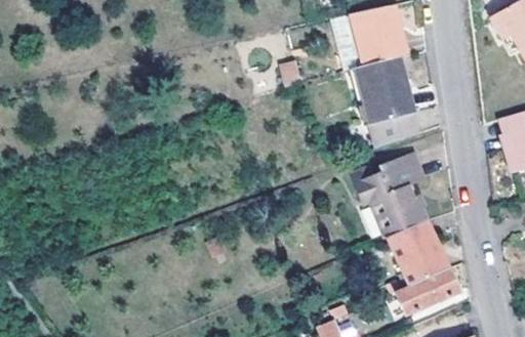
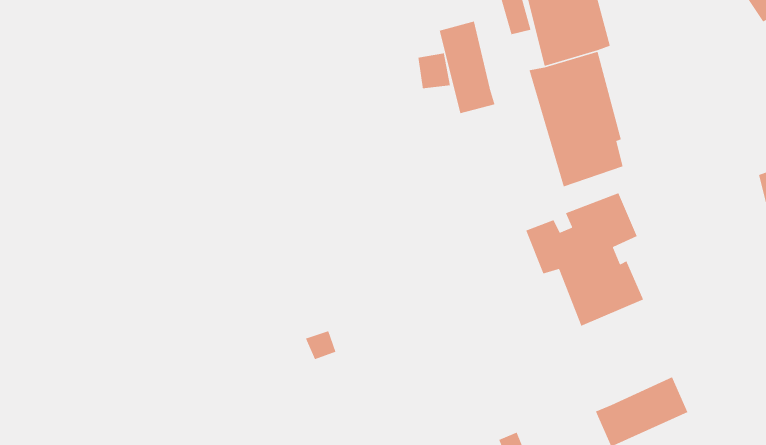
building: none -> [439,21,495,114]
building: [388,218,447,286] -> none

